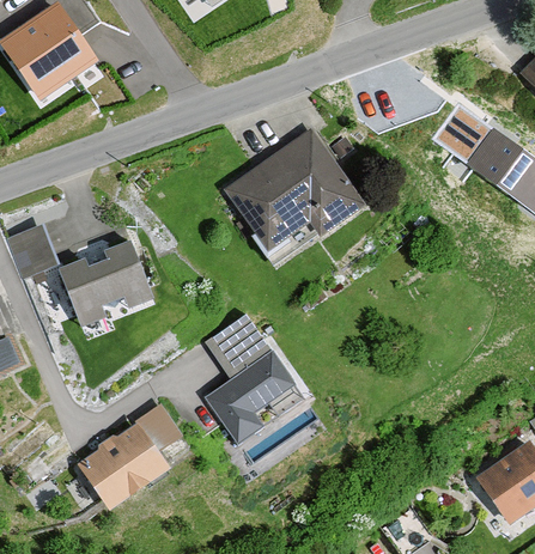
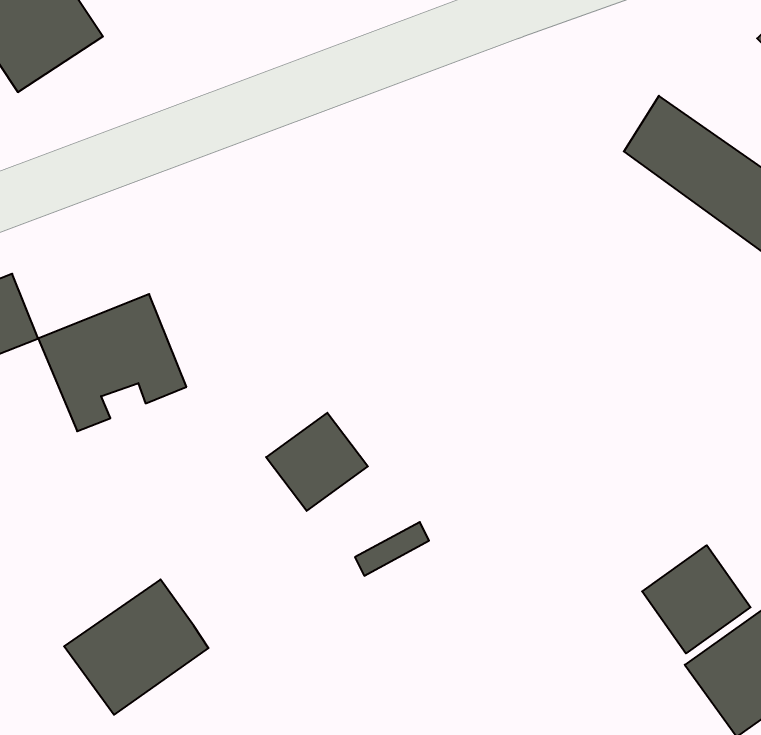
building: [224,128,364,249] -> none
building: [203,348,293,440] -> none
building: none -> [642,545,751,653]
building: [136,403,182,451] -> none

